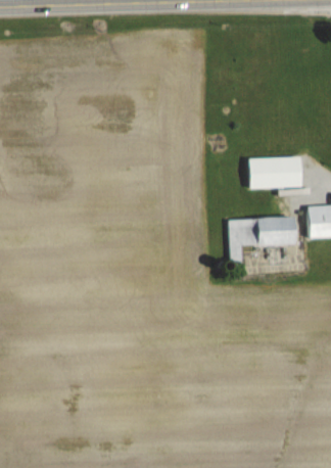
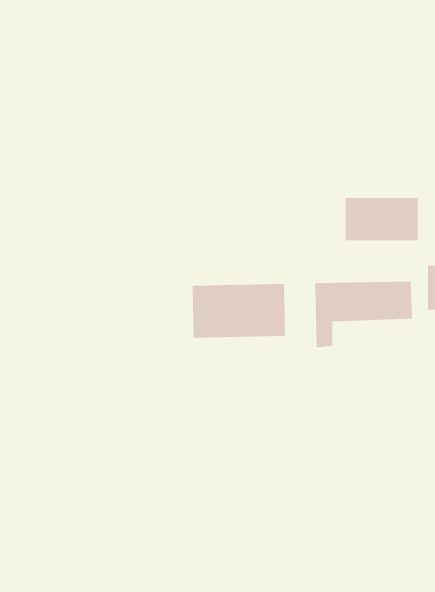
building: none -> [192,283,286,339]

